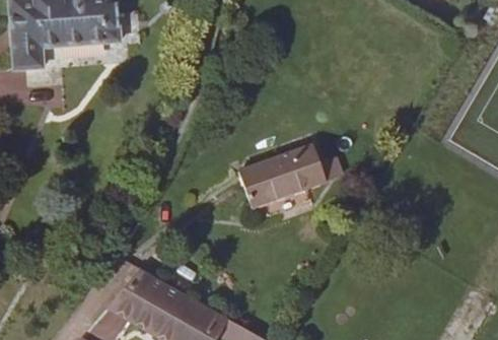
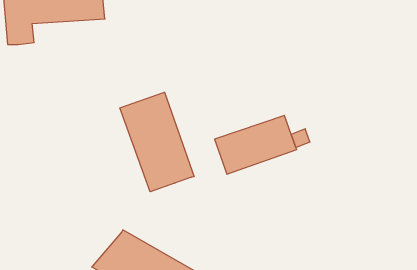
building: none -> [120,92,194,192]

